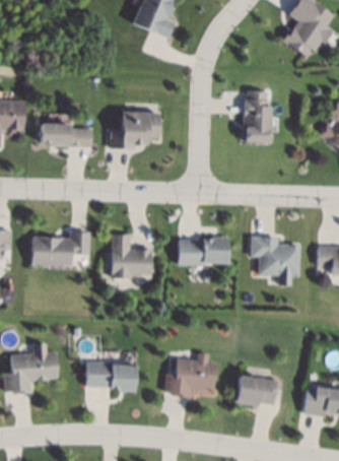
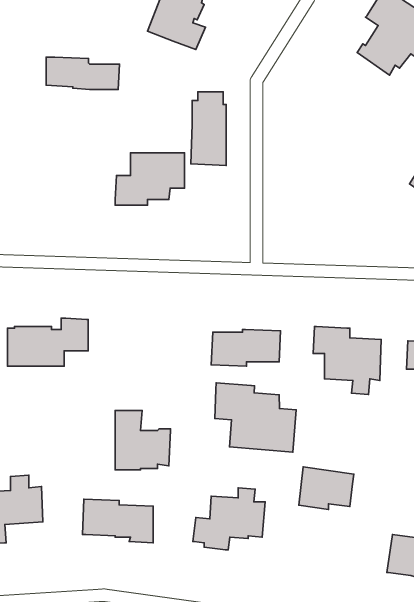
building: [243,89,268,142] -> [191,92,226,165]
building: [39,124,91,147] -> [46,57,120,90]
building: [113,235,152,277] -> [115,411,170,470]
building: none -> [215,383,296,452]
building: [238,376,277,406] -> [299,467,354,509]

